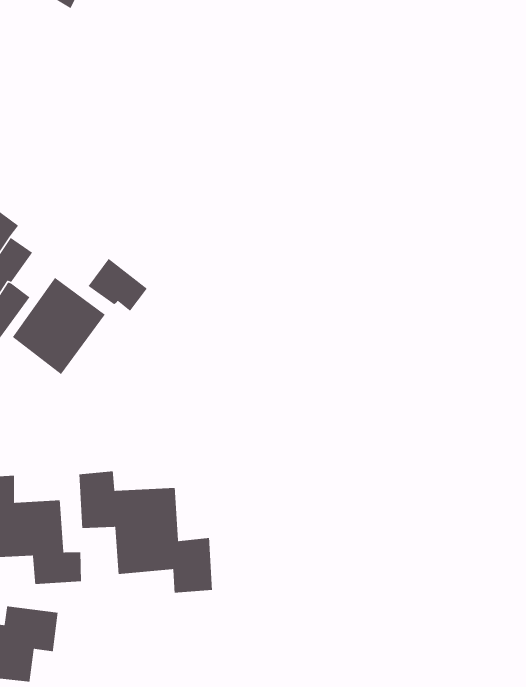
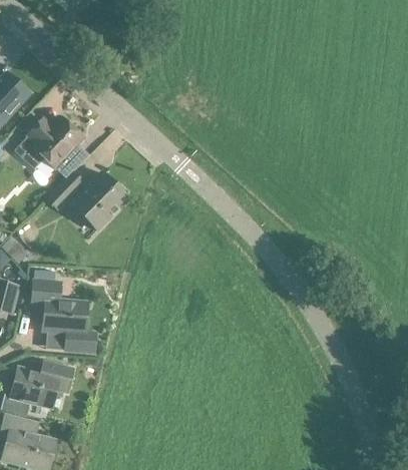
building: [88,258,148,312] -> none
building: [78,470,213,594] -> none

